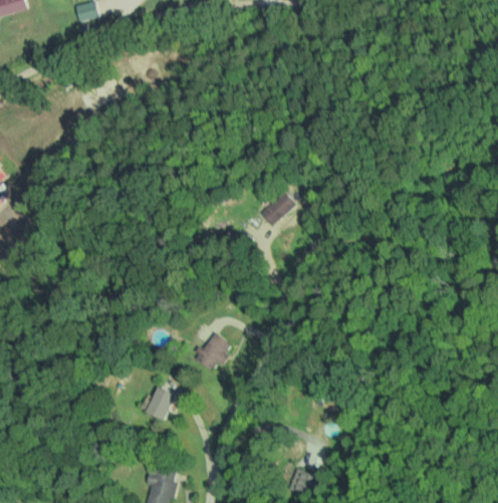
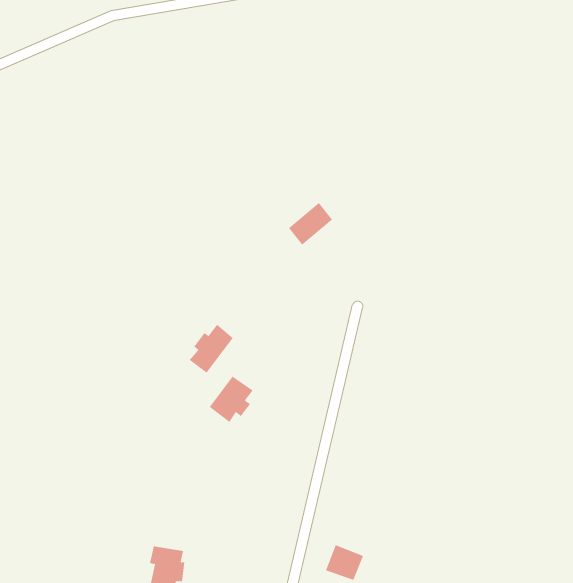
building: none -> [189,324,234,373]
building: [147,388,174,420] -> none

